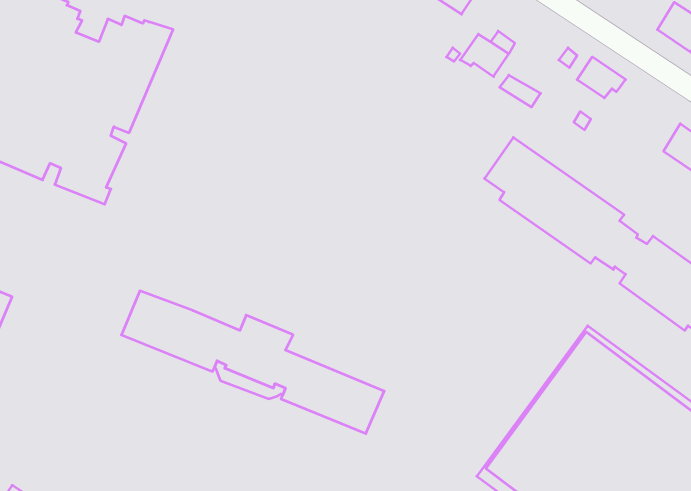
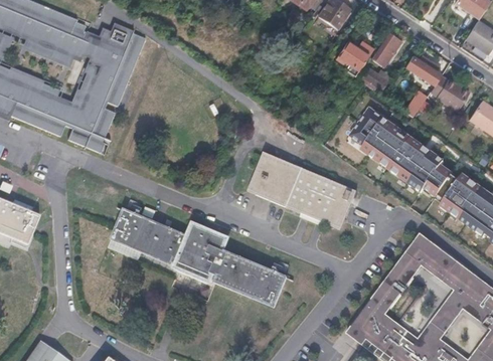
building: none -> [371,31,402,66]
building: none -> [433,74,471,110]
building: none -> [248,152,356,230]

